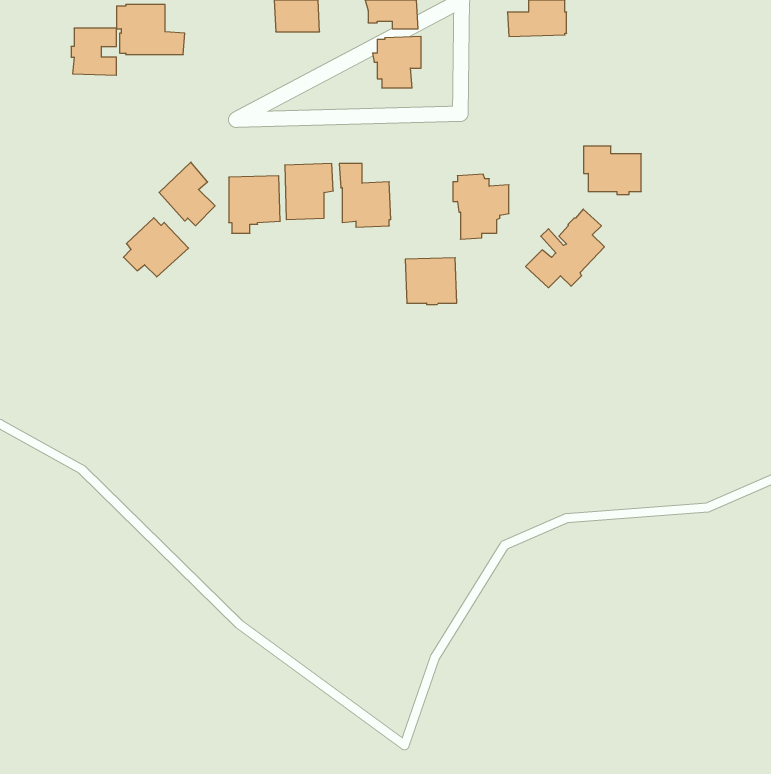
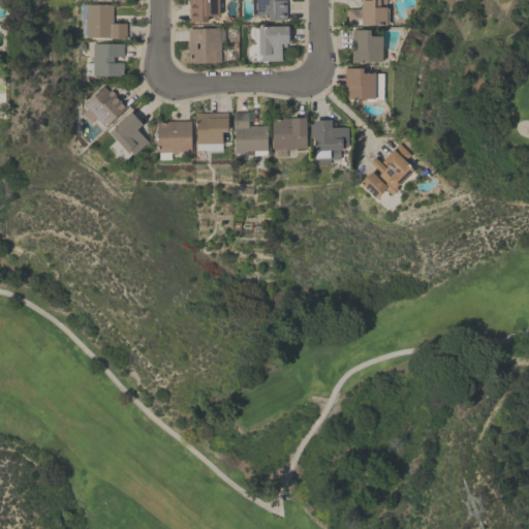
building: [71,28,116,75] -> [93,43,124,75]
building: none -> [189,27,222,63]
building: none -> [353,29,382,62]
building: [584,146,641,195] -> [345,67,384,100]
building: [123,218,189,277] -> [84,86,128,126]
building: [405,258,457,305] -> [273,117,308,149]

